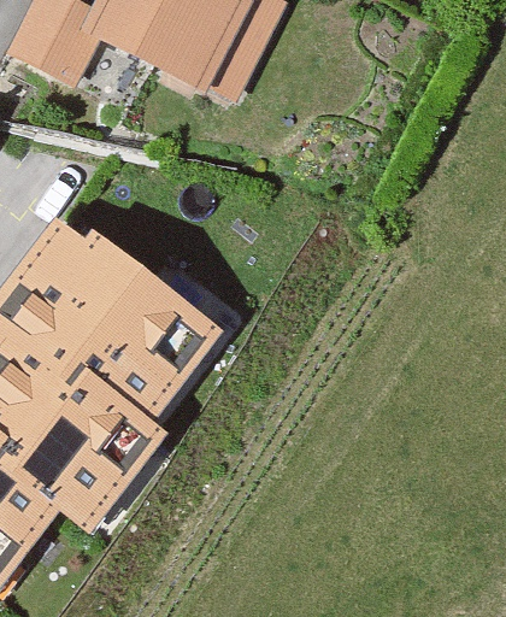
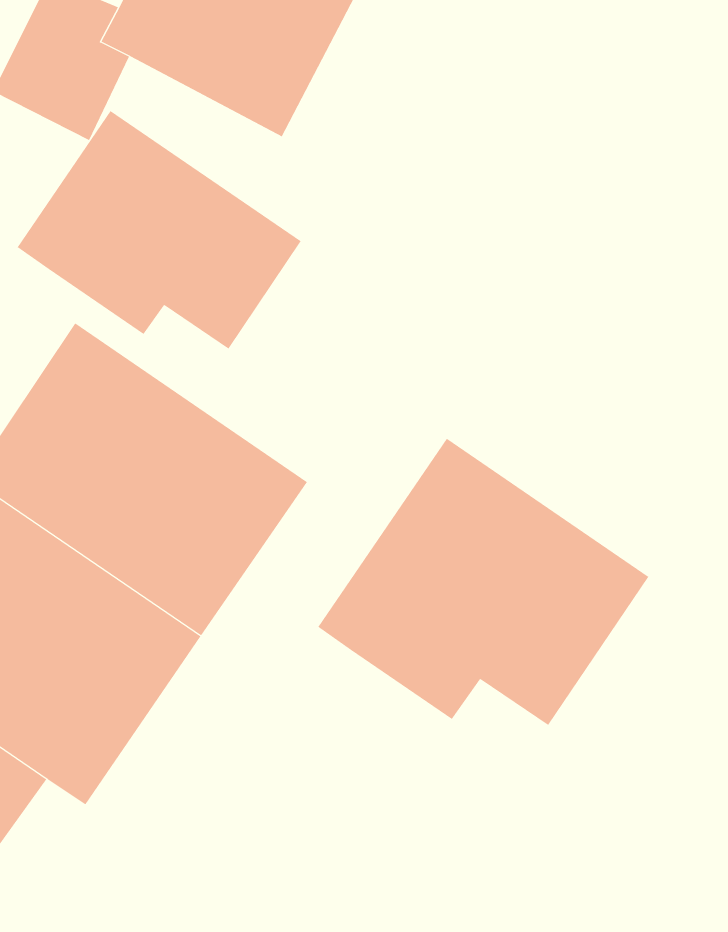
building: none -> [17,110,301,349]
building: none -> [317,438,649,726]

